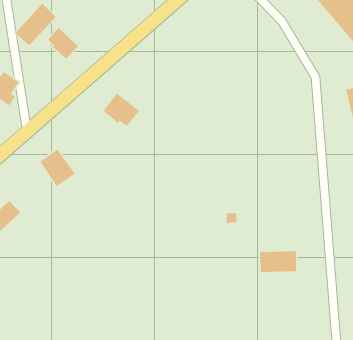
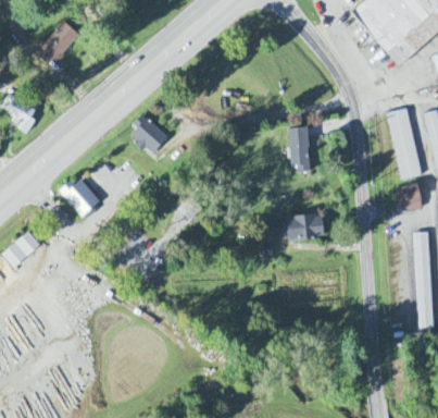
building: [48,27,79,59] -> none
building: none -> [288,126,311,172]
building: [259,251,297,273] -> [281,214,322,238]

